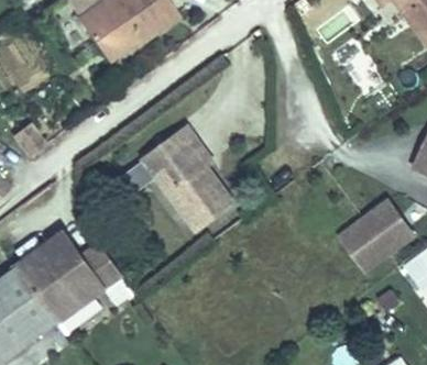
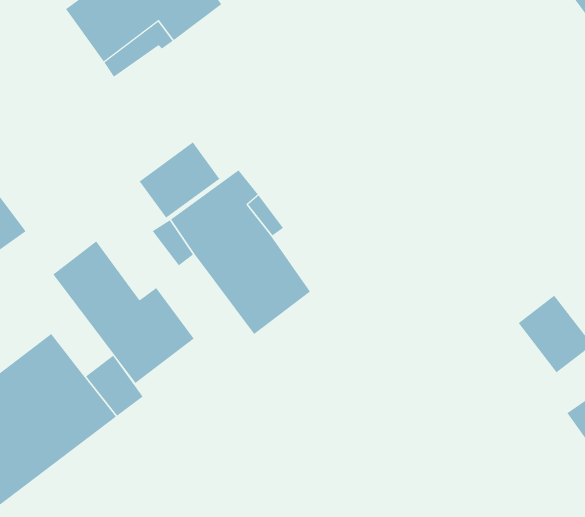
building: none -> [139,141,220,219]
building: none -> [52,241,194,384]
building: [347,224,394,275] -> none

